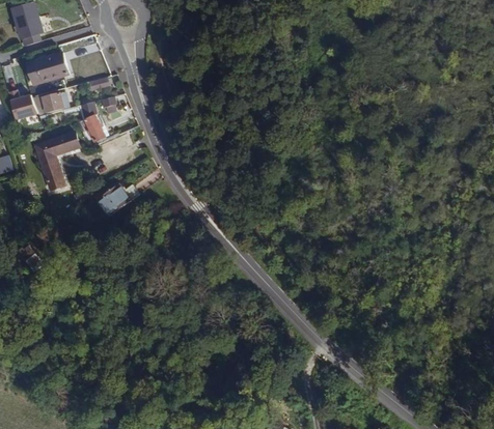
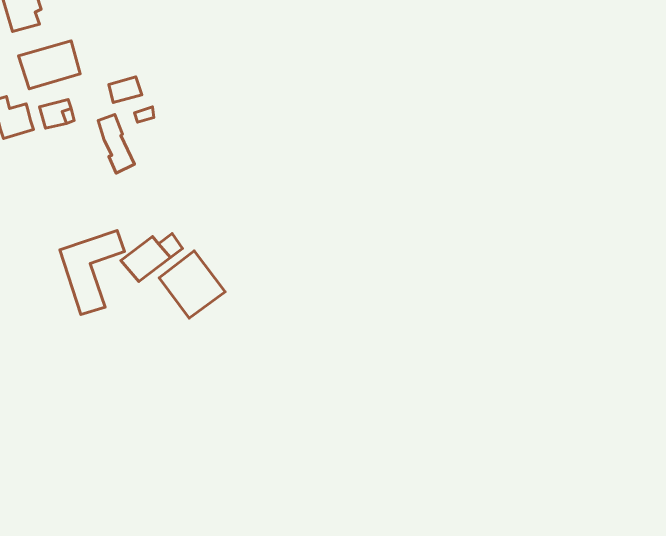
building: [34,133,79,191] -> [60,230,125,315]
building: none -> [159,251,225,318]

